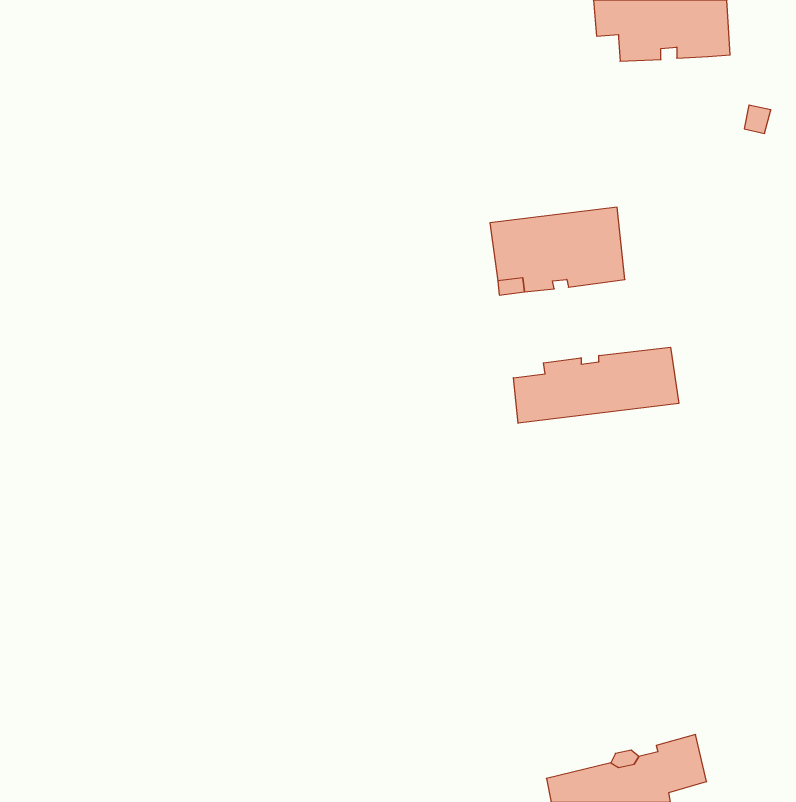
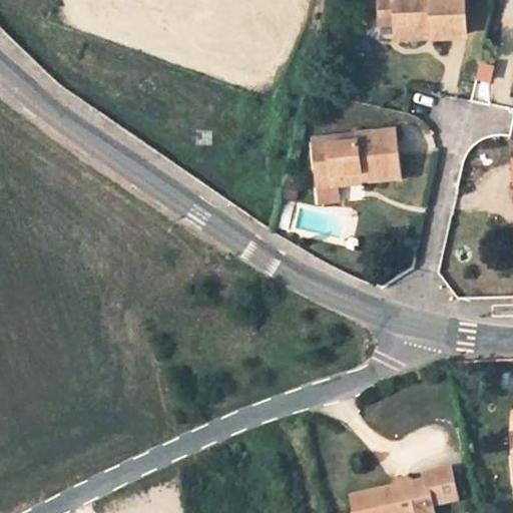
building: [513,347,679,423] -> none

